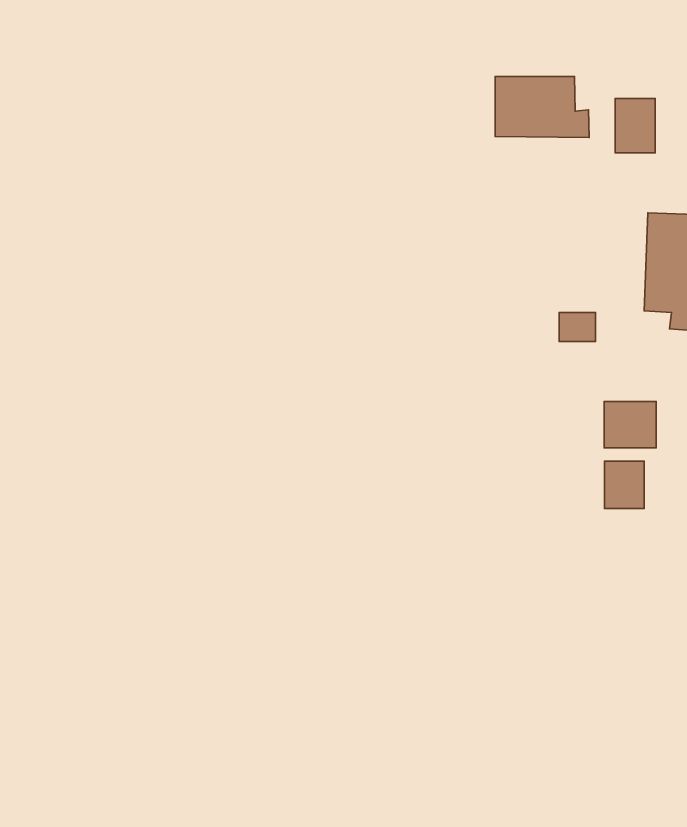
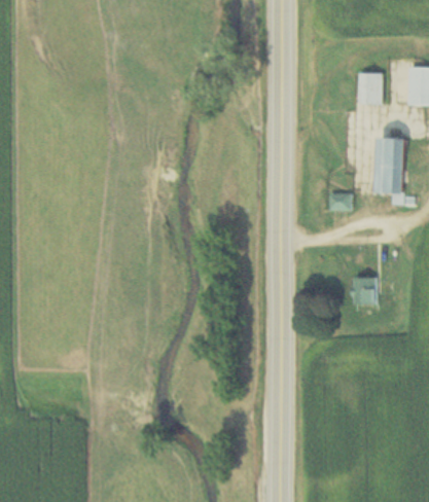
building: [495,77,589,137] -> none
building: [604,401,656,448] -> none

